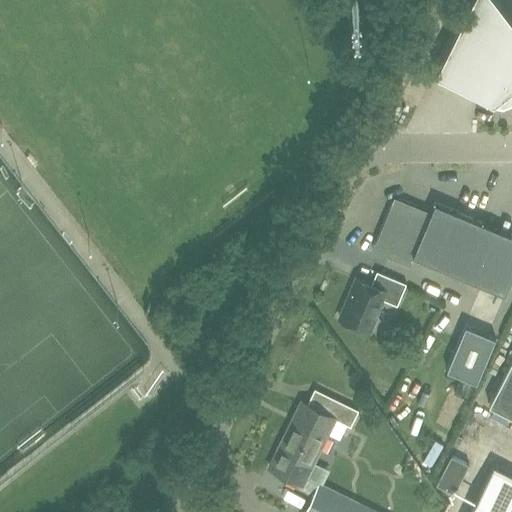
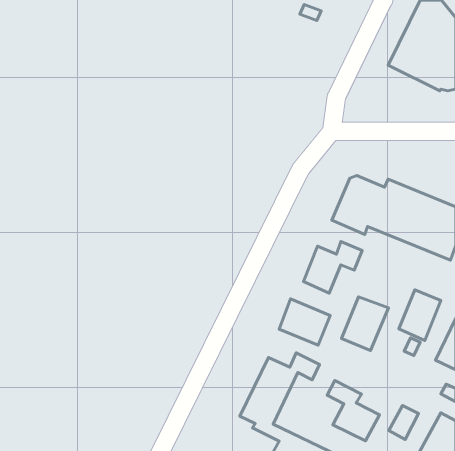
building: none -> [341,297,388,350]
building: none -> [279,299,330,345]
building: none -> [327,381,380,441]

